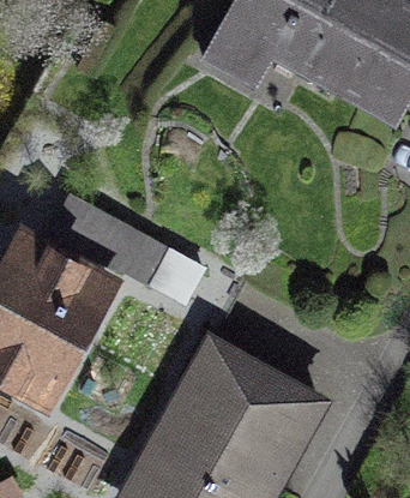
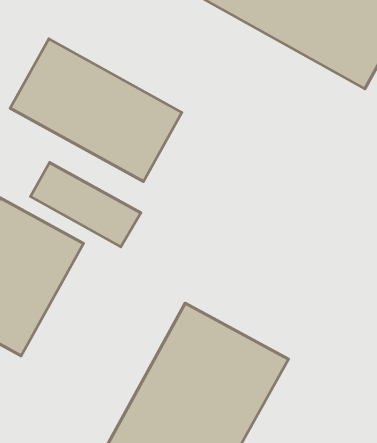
building: none -> [10,39,182,181]

